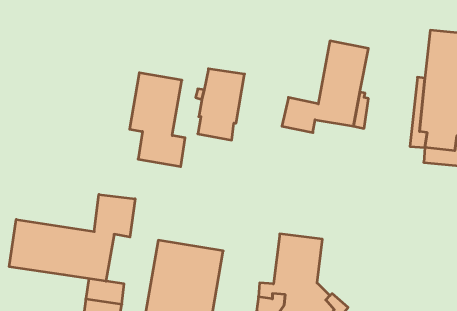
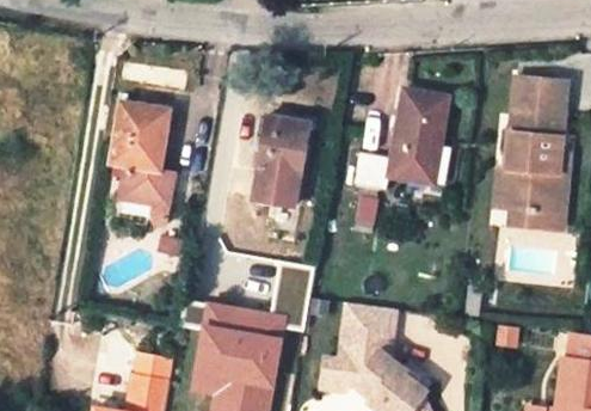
building: [130,73,185,167] -> [111,102,173,207]
building: [9,194,135,281] -> none

